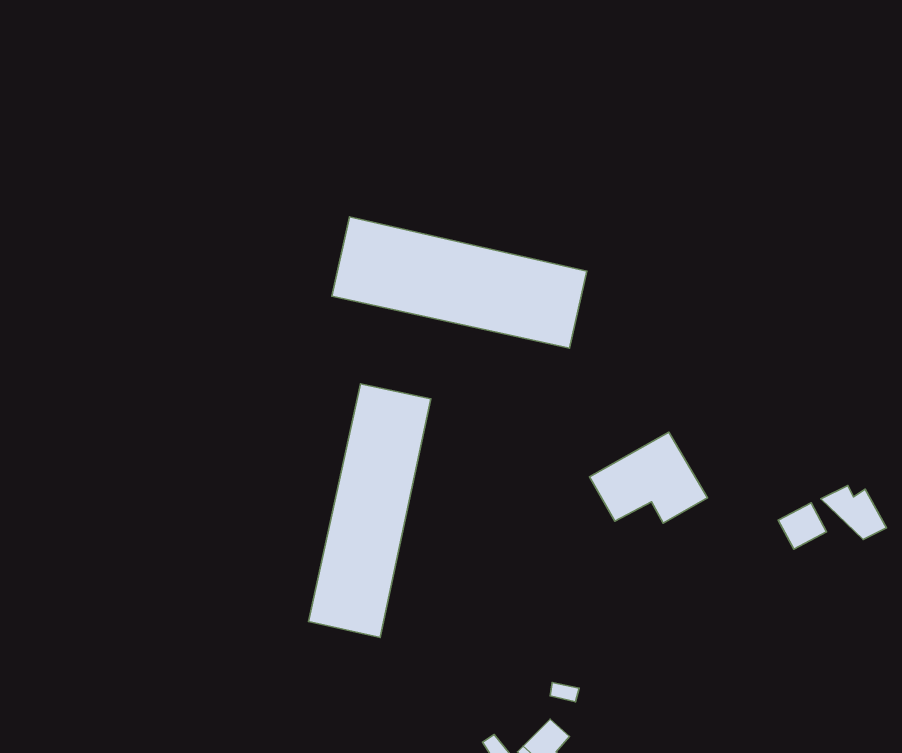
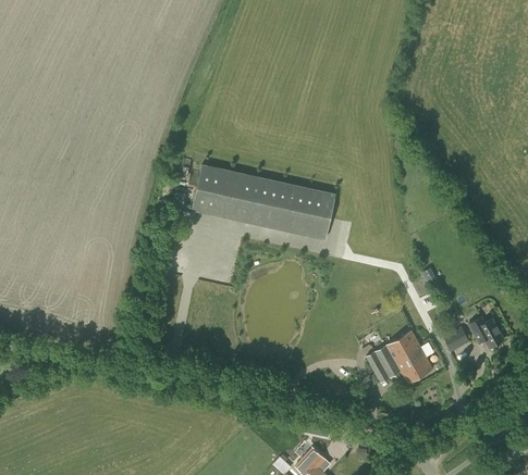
building: [308,384,431,637] -> none
building: [590,432,708,523] -> [367,332,433,383]

